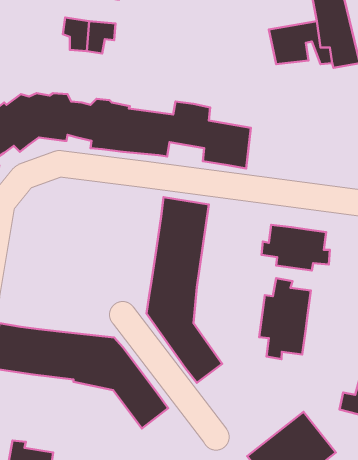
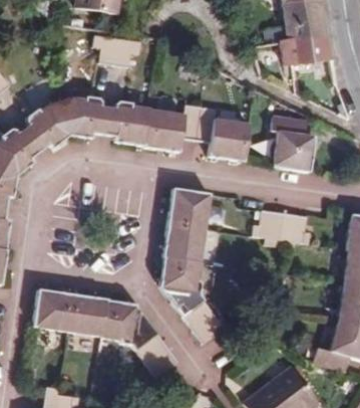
building: none -> [269,116,314,168]
building: [259,278,311,359] -> none

